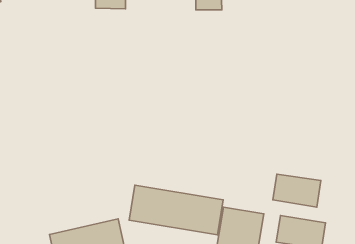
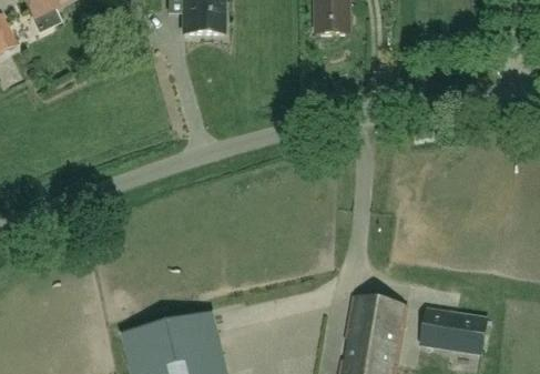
building: [273,174,321,207] -> none
building: [129,185,223,235] -> none

